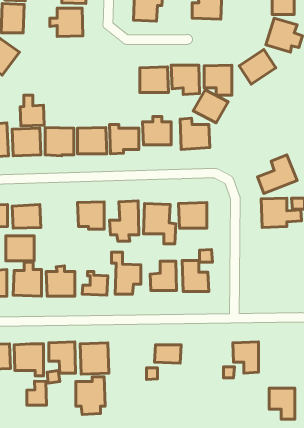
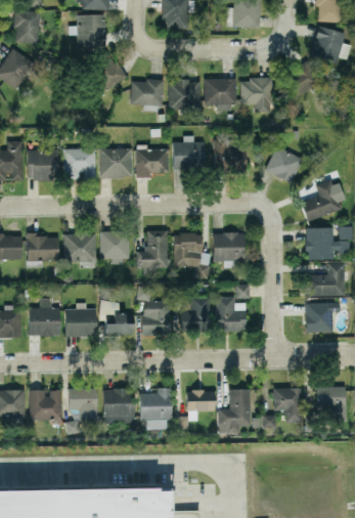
building: none -> [92,53,126,89]
building: none -> [130,80,163,105]
building: [193,90,228,123] -> [264,146,303,183]
building: [20,95,44,126] -> none
building: none -> [305,262,344,297]
building: [6,236,34,261] -> [63,234,95,262]
building: none -> [305,303,332,333]
building: none -> [218,389,251,434]
building: [76,377,105,415] -> [139,388,172,430]
building: [27,381,47,405] -> none
building: [269,388,295,419] -> [316,387,345,422]

